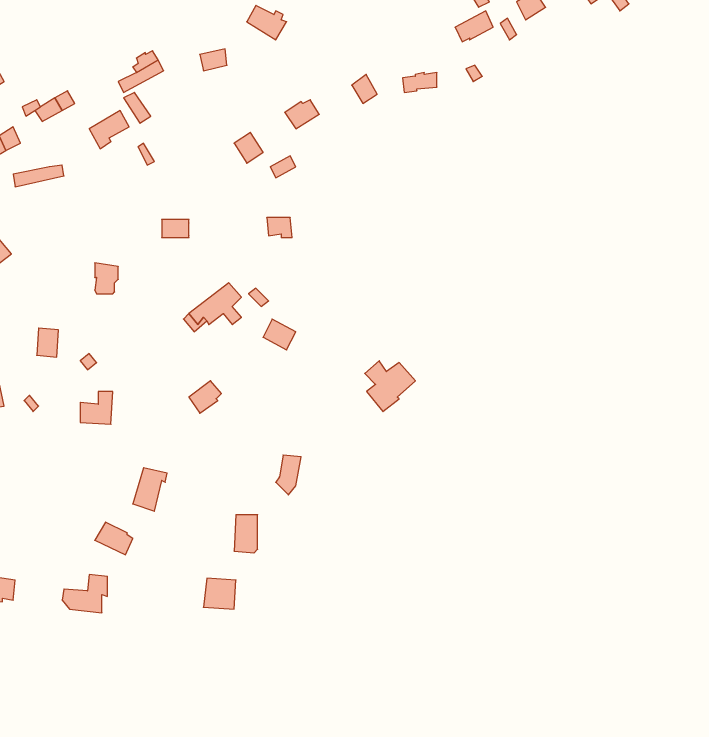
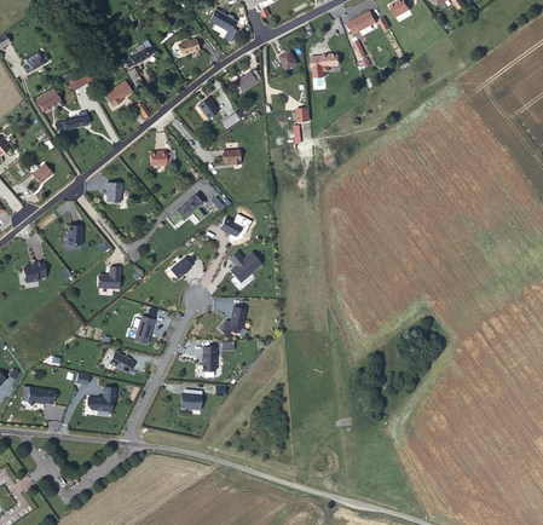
building: [365,361,415,412] -> [229,250,262,284]

